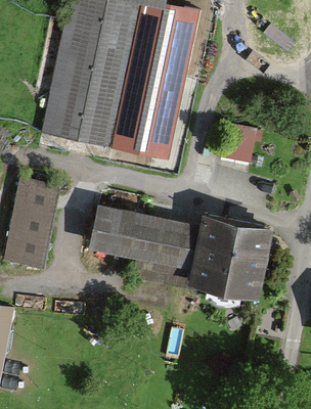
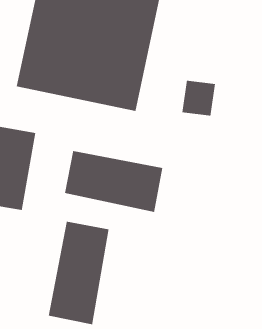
building: [189,213,274,297] -> none
building: none -> [48,221,109,325]

